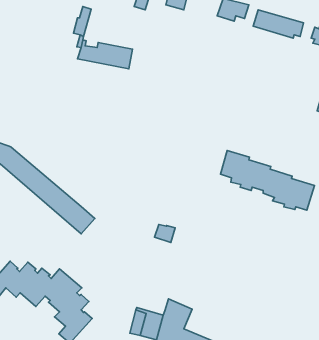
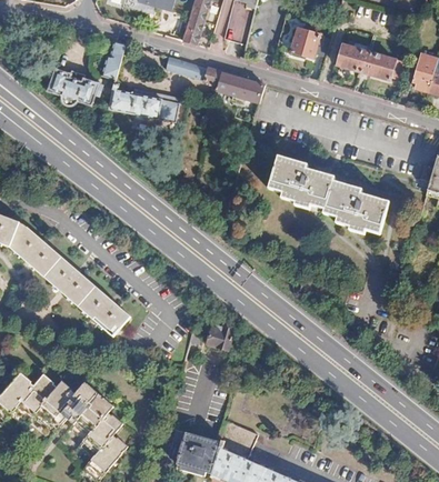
building: none -> [164,56,262,103]
building: none -> [49,68,104,109]
building: [220,150,315,210] -> [267,155,389,233]

